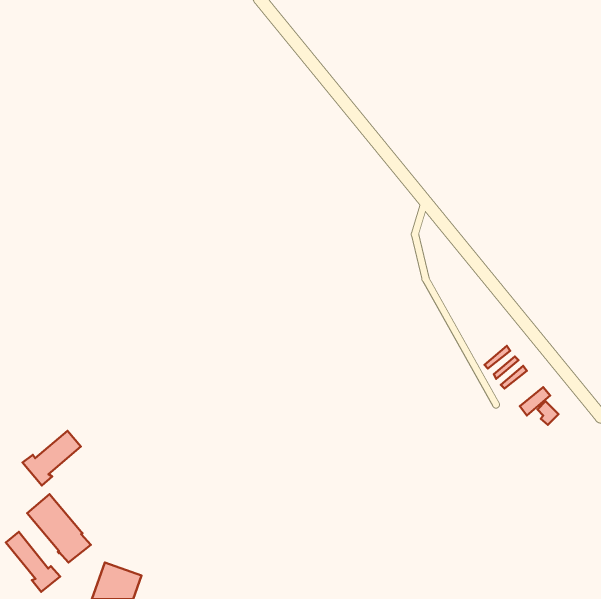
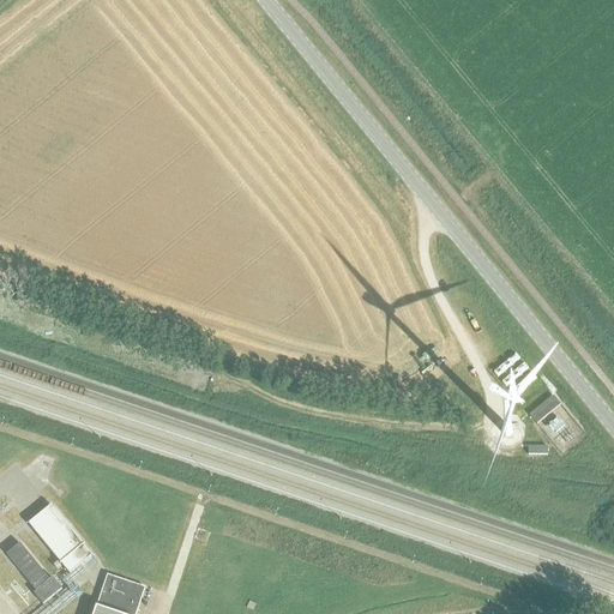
building: [23,431,81,485] -> none

